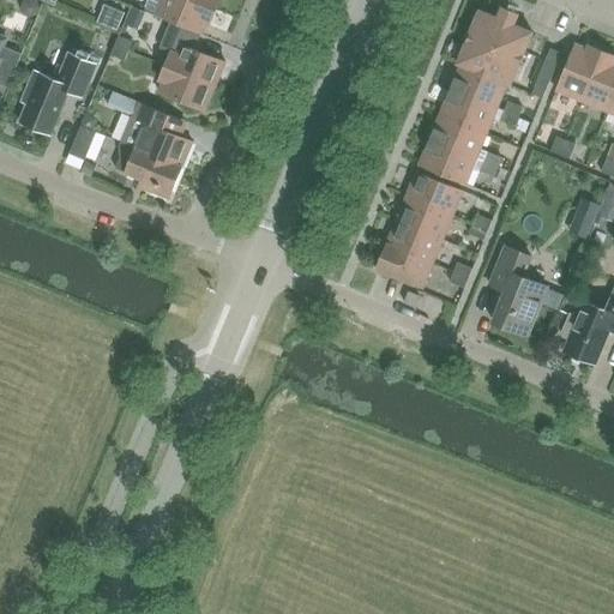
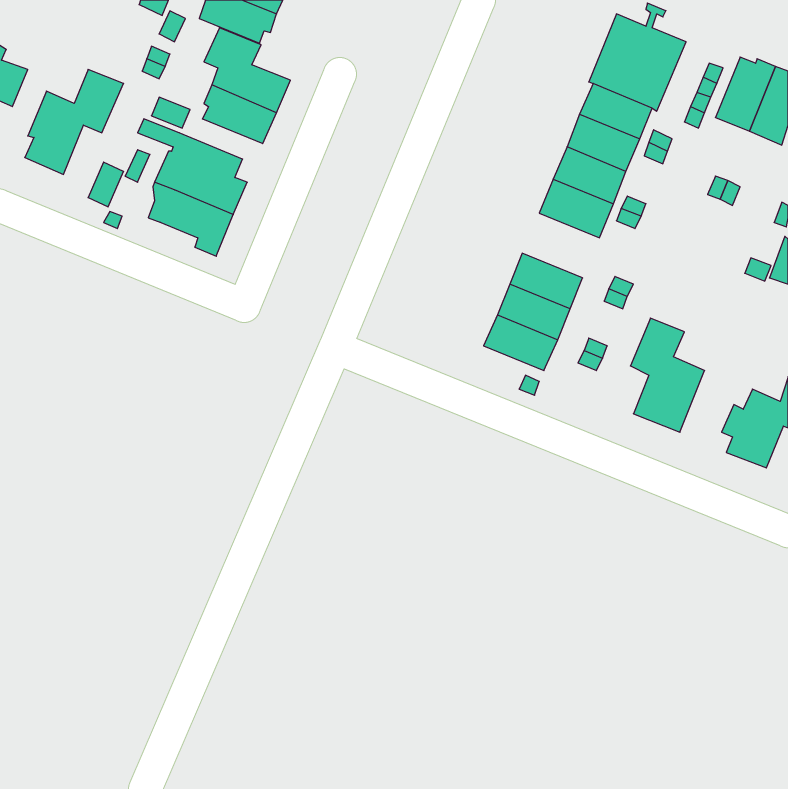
building: [405,171,462,216] -> none

